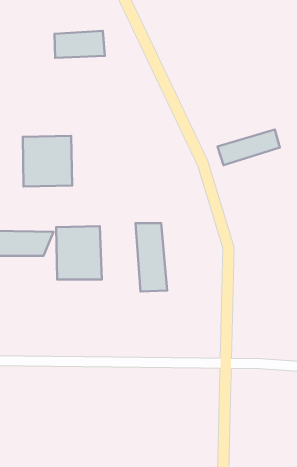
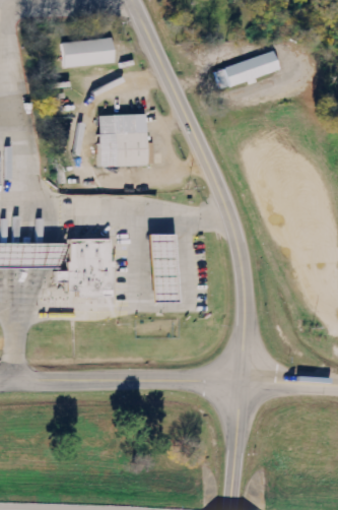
building: [218,130,280,165] -> [218,51,282,87]
building: [23,136,72,186] -> [95,111,146,163]

